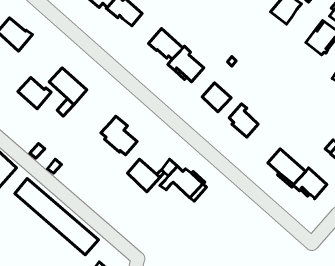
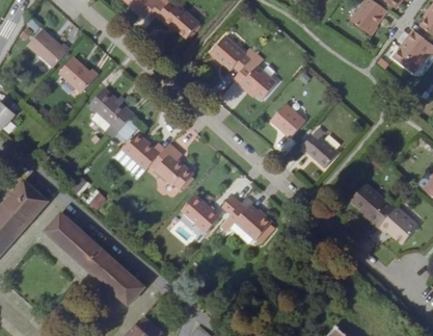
building: [18,77,51,109] -> [55,52,94,89]
building: none -> [119,131,159,167]

